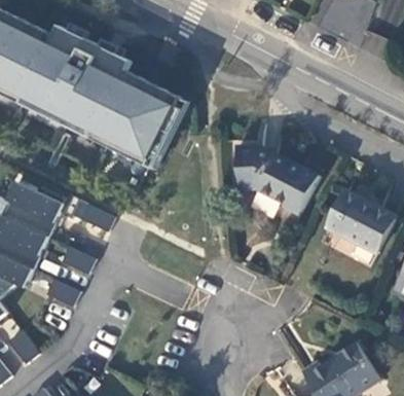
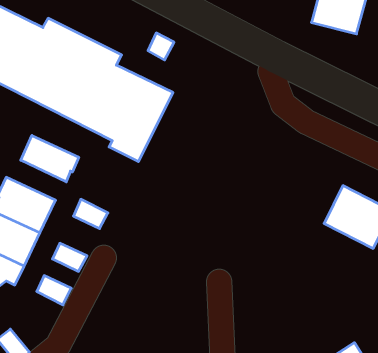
building: none -> [21,135,79,182]
building: [236,145,320,215] -> none

